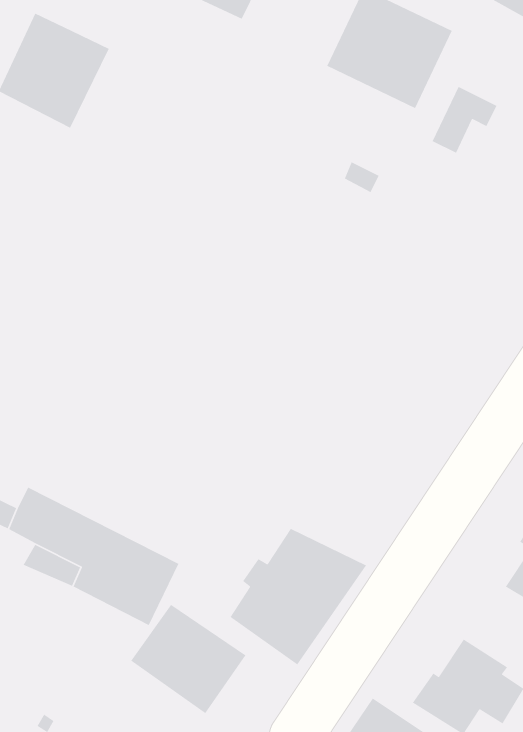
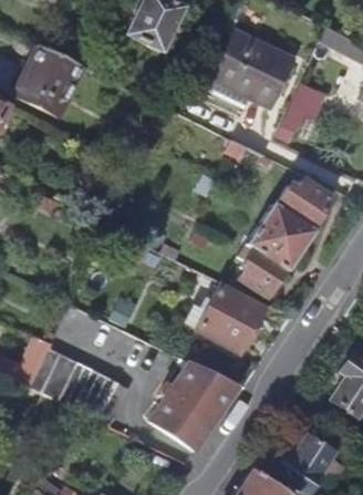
building: none -> [239,182,331,296]
building: none -> [197,285,267,352]
building: [130,604,246,714] -> none

